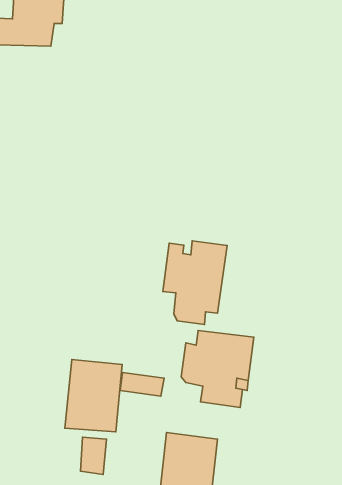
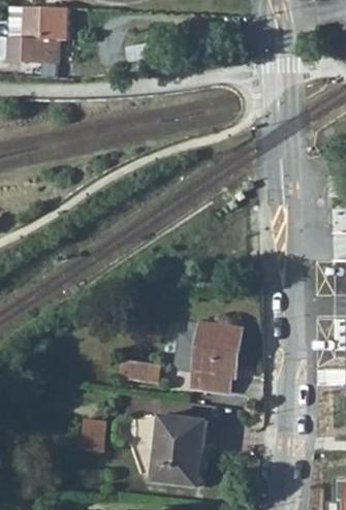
building: [163,241,227,324] -> none
building: [65,360,122,432] -> none

